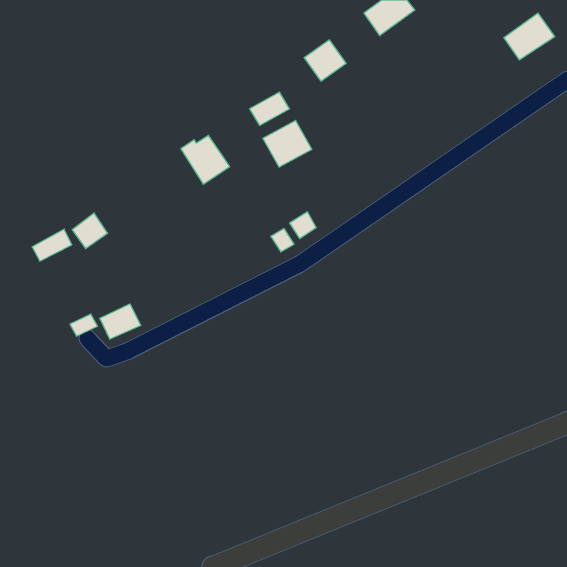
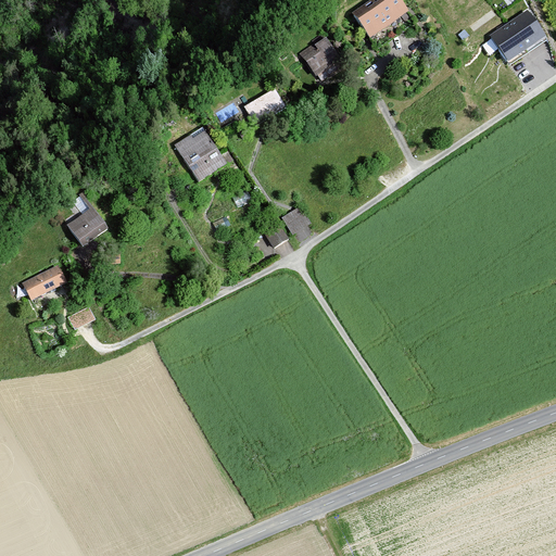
building: [263,120,312,167] -> none
building: [32,229,72,261] -> [25,266,64,298]
building: [100,304,141,339] -> none

